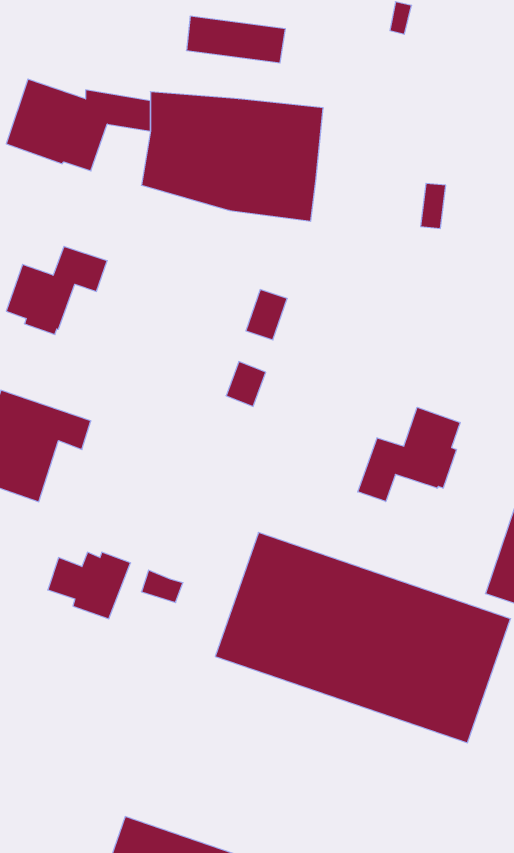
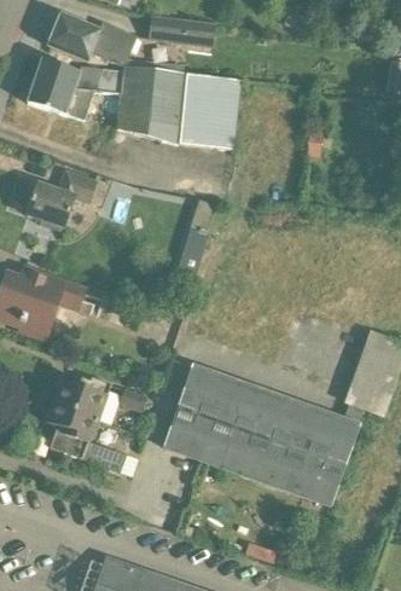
building: none -> [46,12,135,66]
building: [358,407,460,502] -> none
building: none -> [46,401,124,473]

